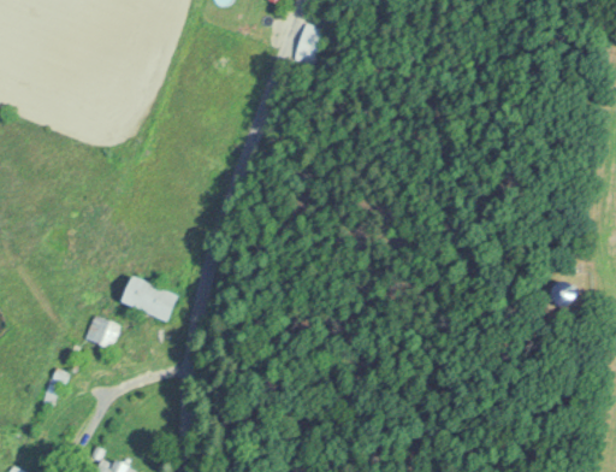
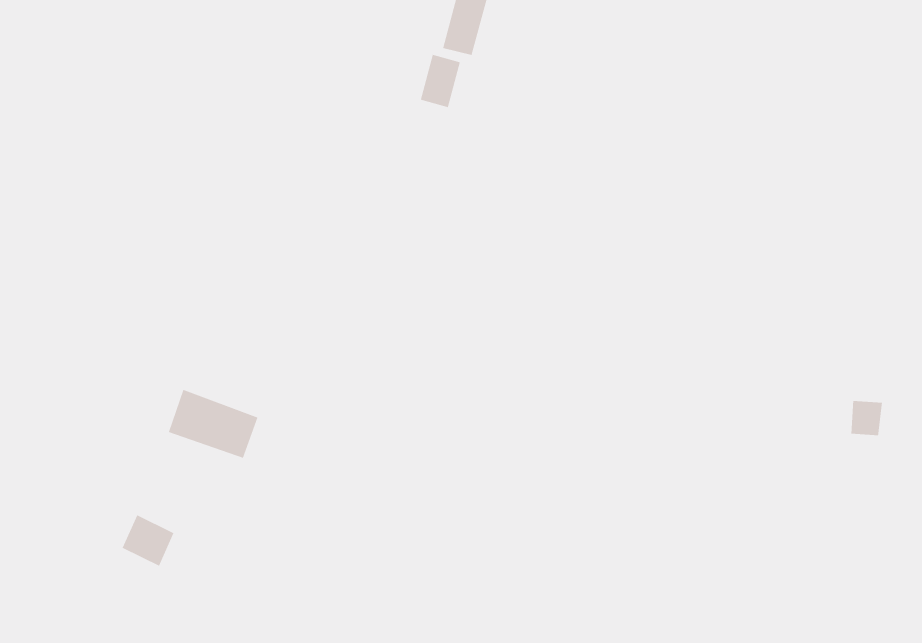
building: none -> [420,54,461,108]
building: [84,314,118,348] -> [122,514,175,567]

